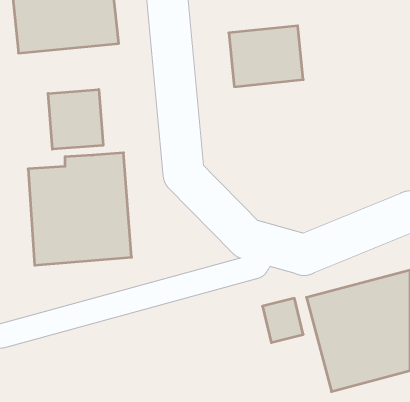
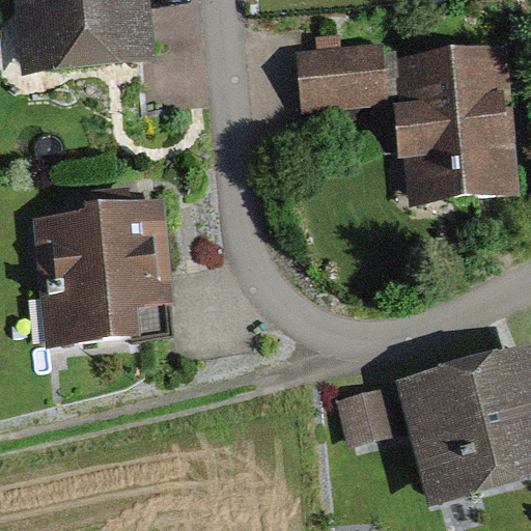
building: none -> [396,48,514,200]
building: [48,89,103,149] -> none

